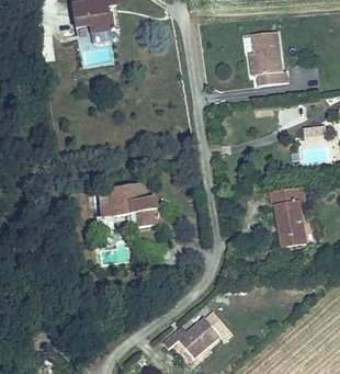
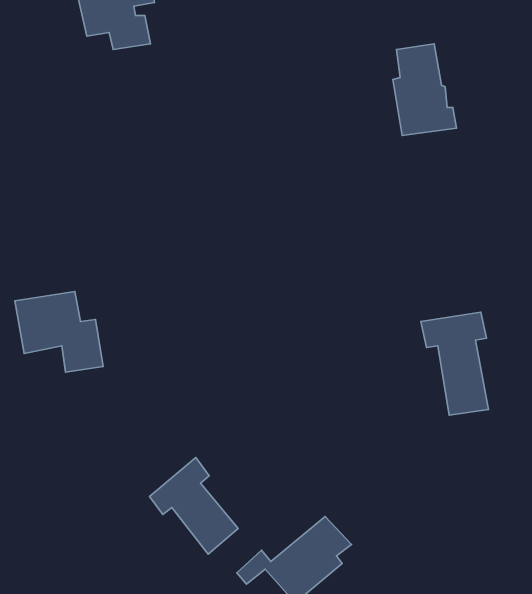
building: [106,182,158,229] -> [15,291,103,372]
building: none -> [150,458,238,554]

